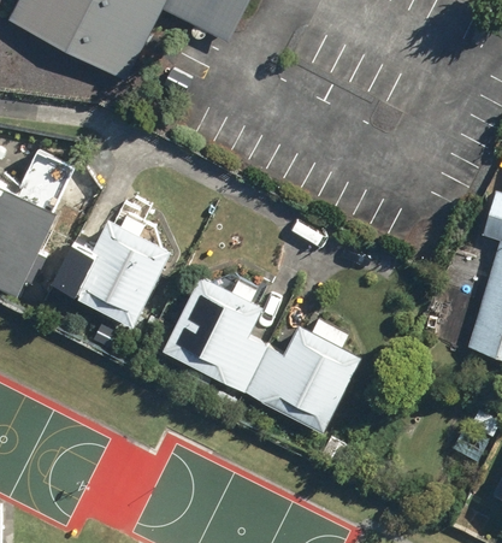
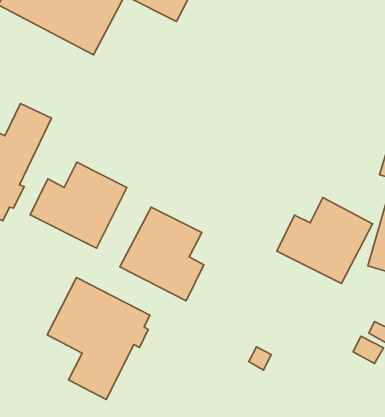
building: [243,323,361,429] -> [277,198,373,284]
building: none -> [47,278,150,400]

